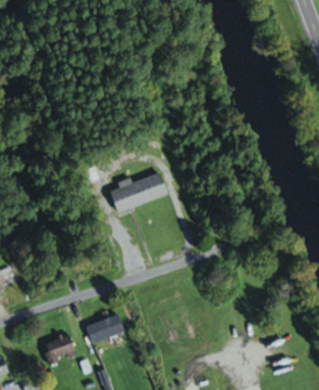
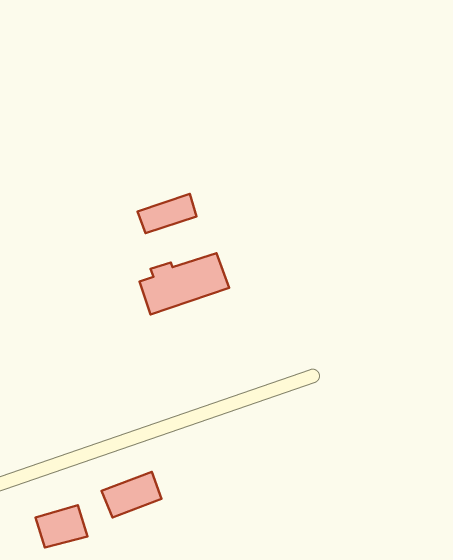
building: none -> [137,194,196,233]

